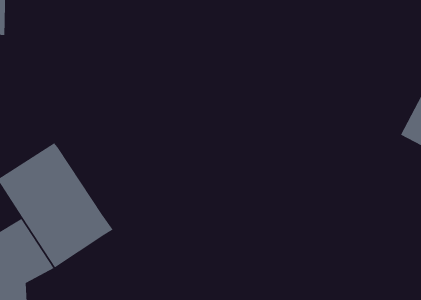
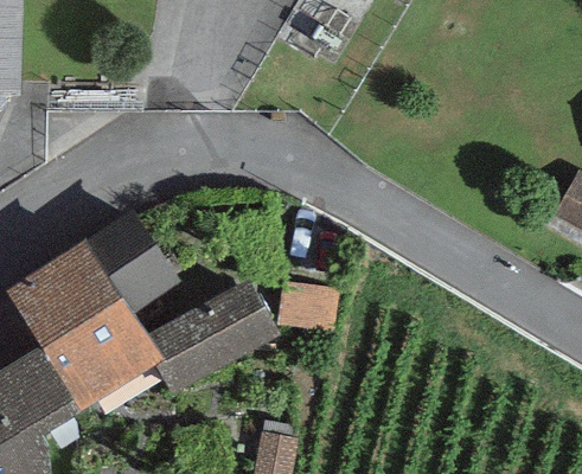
building: none -> [89,213,180,314]
building: none -> [149,281,280,395]

